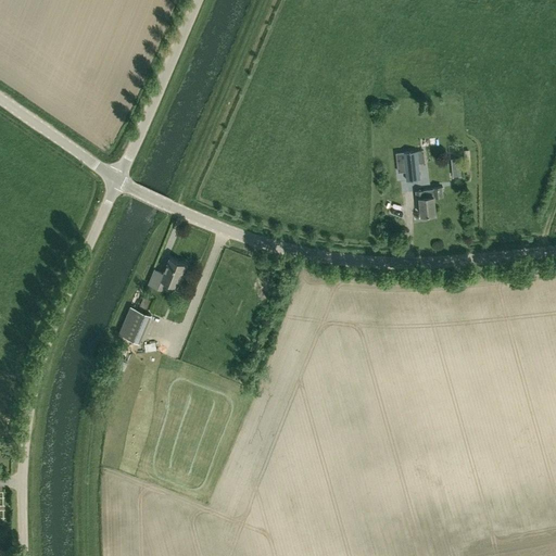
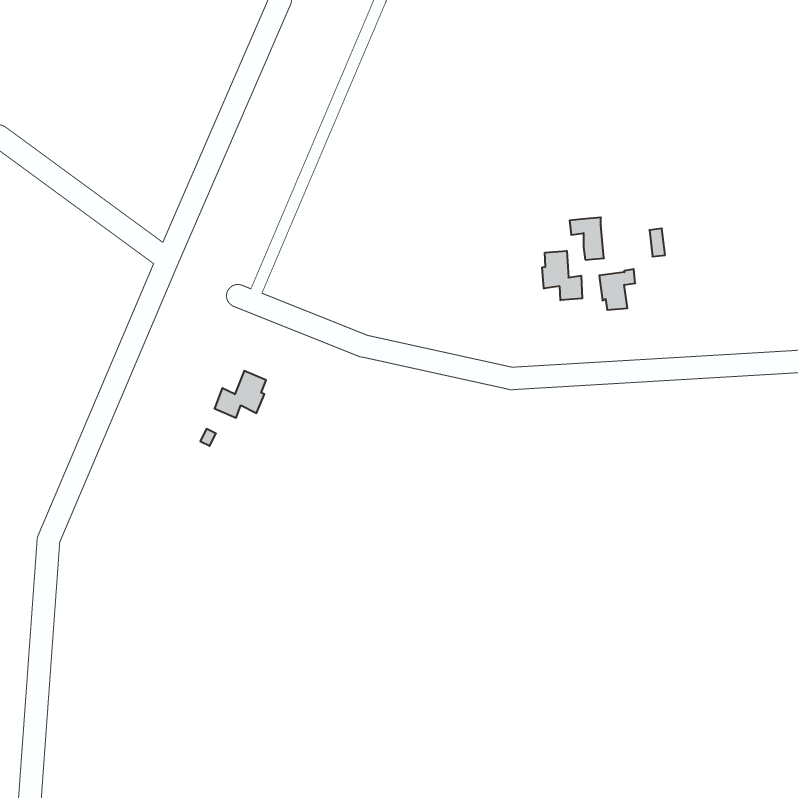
building: none -> [542,251,582,300]
building: [119,308,151,345] -> none

